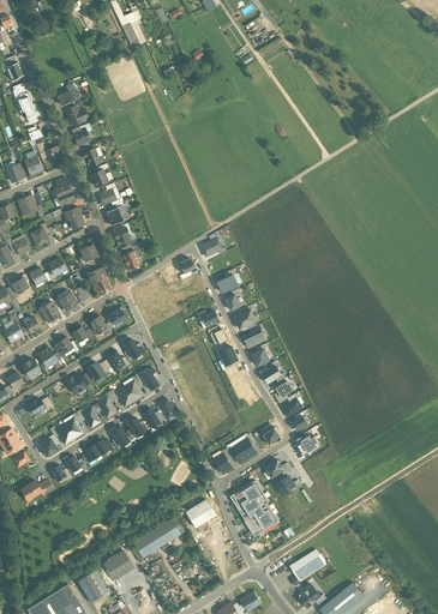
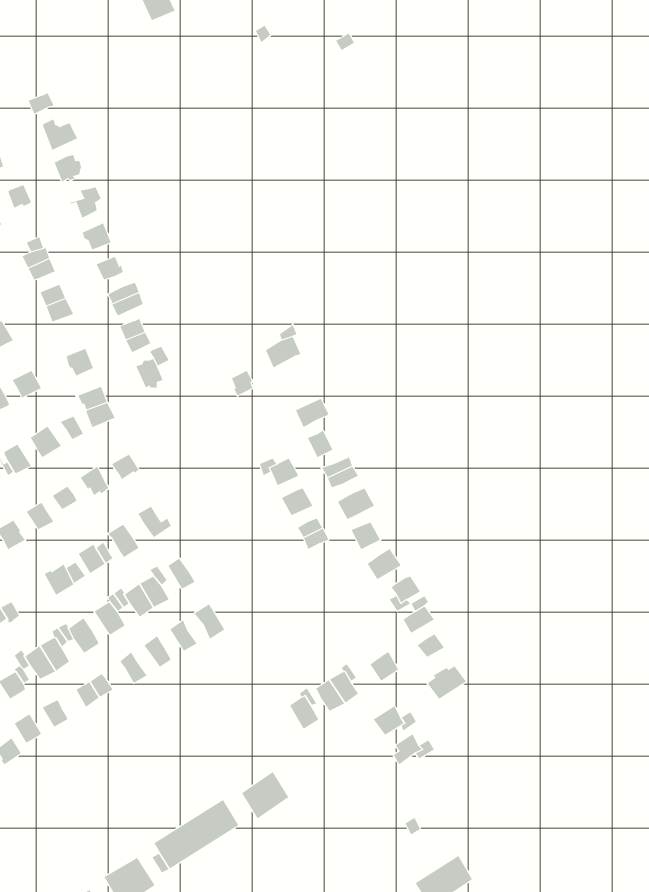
building: [232,481,277,536] -> none

